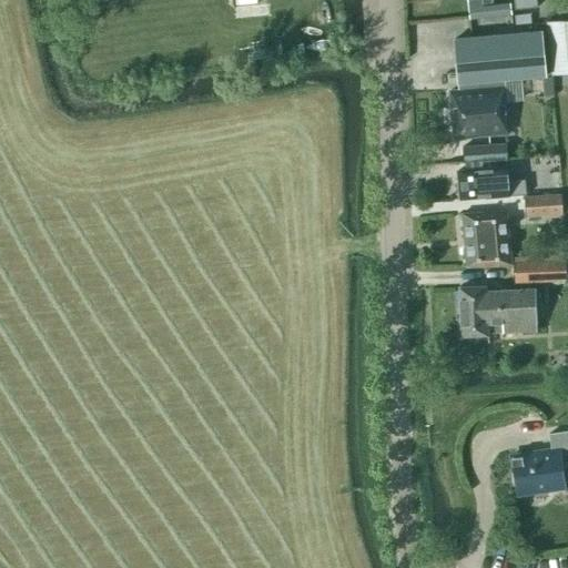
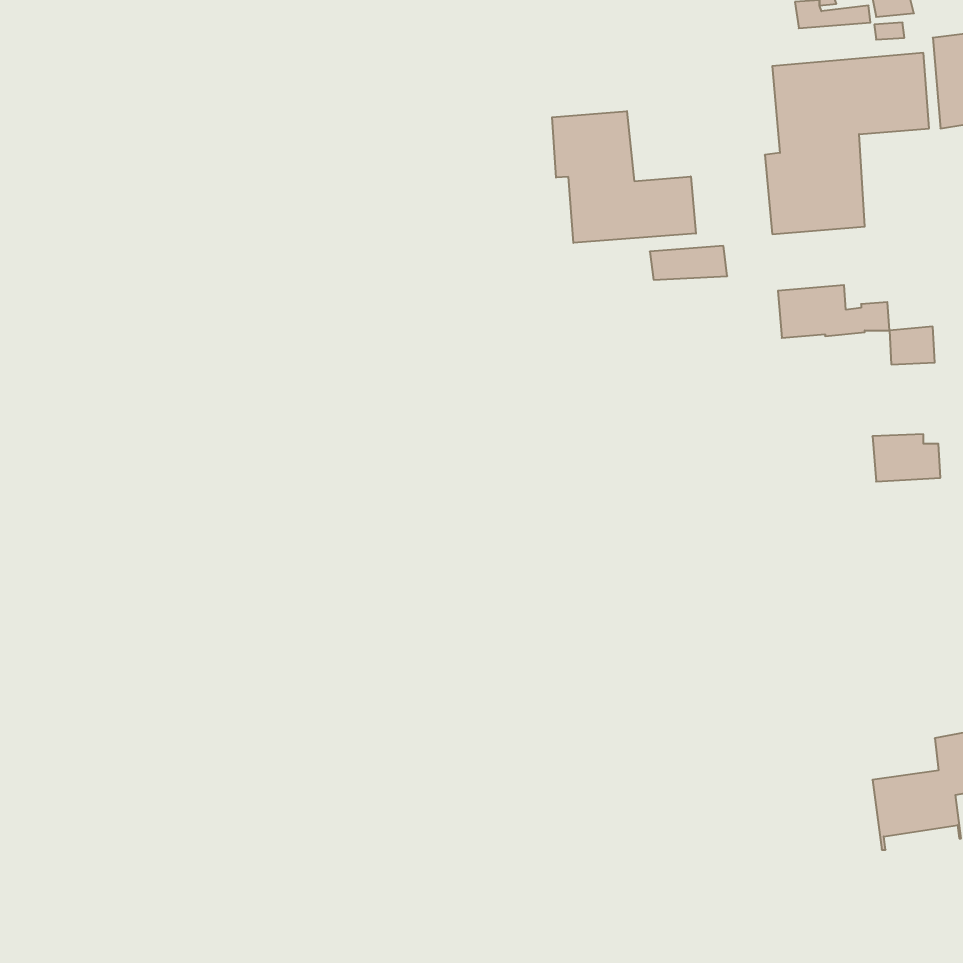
building: none -> [552,111,696,243]
building: [463,143,508,163] -> [650,246,727,280]
building: [463,209,511,266] -> none
building: [460,285,537,336] -> none

